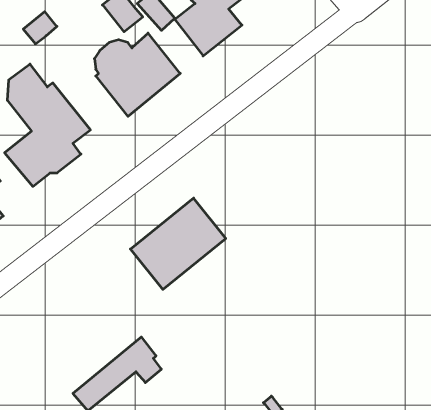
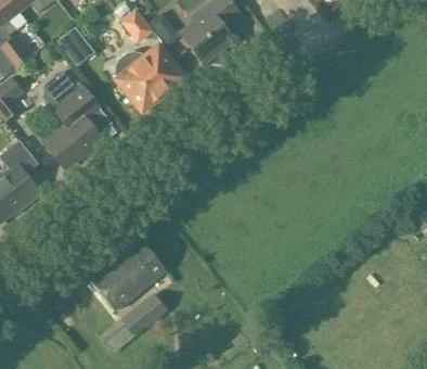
building: [130,198,226,289] -> [89,238,166,311]

